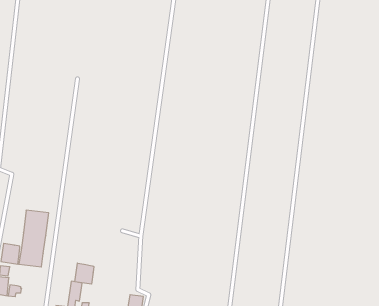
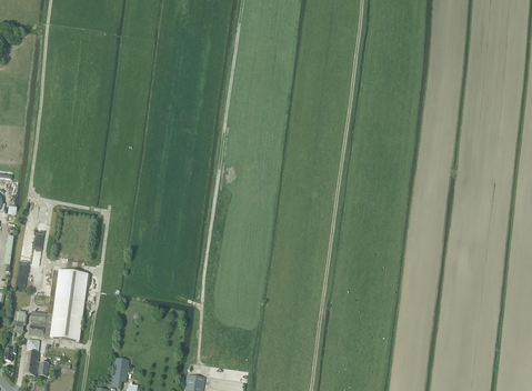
building: [75,263,94,284] -> none

